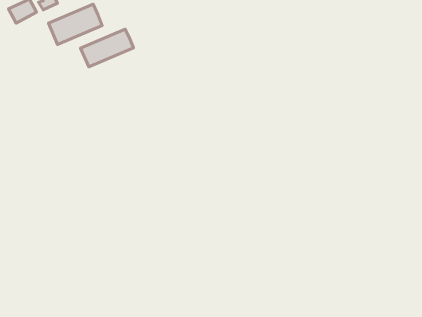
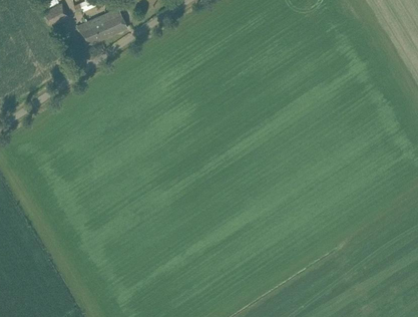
building: [81,29,133,67] -> none

